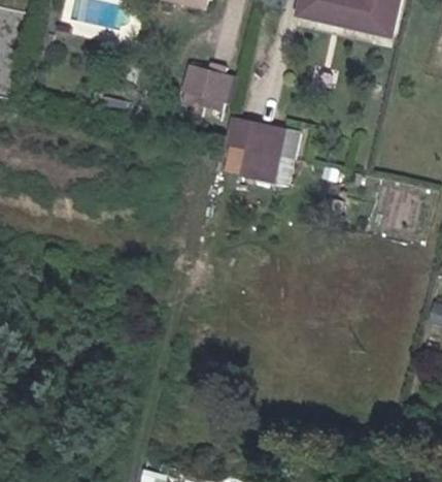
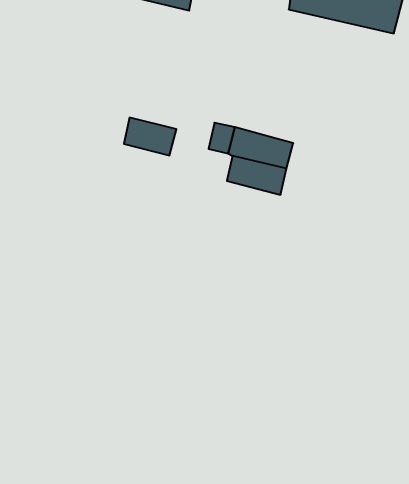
building: [188,69,235,103] -> [124,118,176,155]

